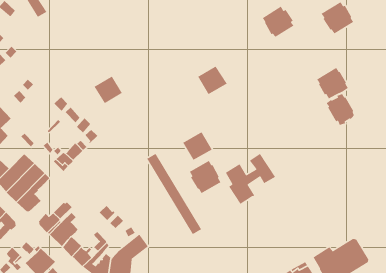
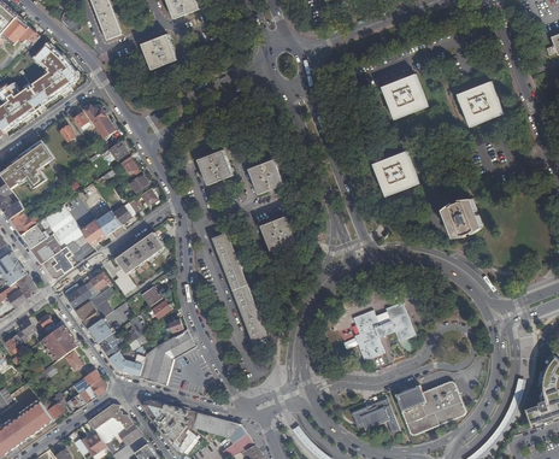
building: none -> [142,34,177,69]
building: [197,66,228,95] -> [247,159,283,194]
building: [316,67,349,99] -> [376,154,414,193]
building: none -> [82,105,116,140]
building: [94,76,123,104] -> [196,151,231,184]
building: [225,153,276,205] -> [352,301,414,361]
building: [189,160,222,194] -> none
building: none -> [114,231,163,272]

